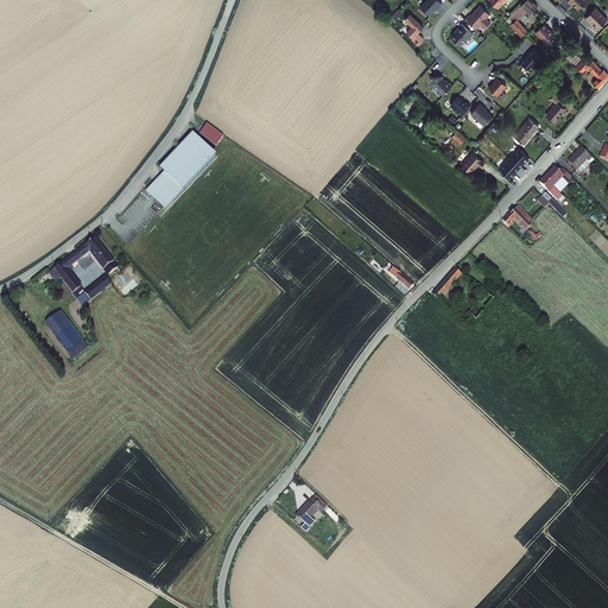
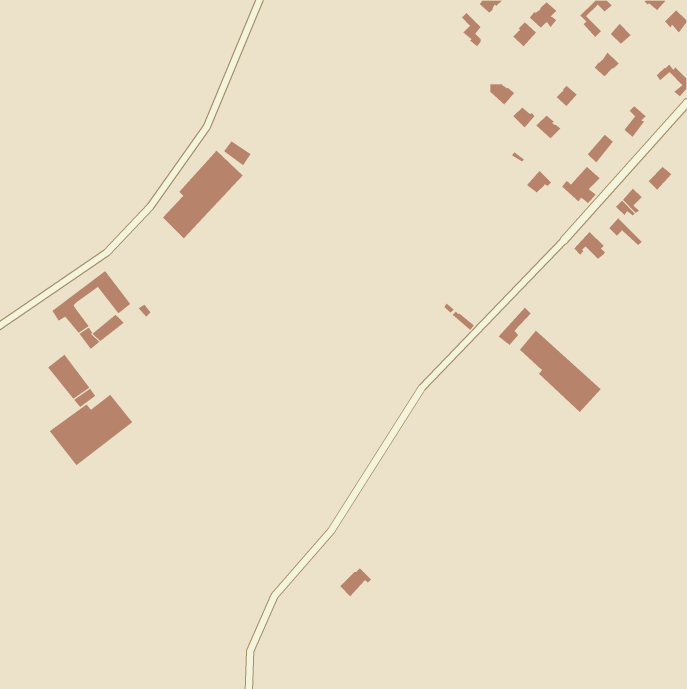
building: none -> [519,330,601,413]
building: none -> [49,394,133,466]

